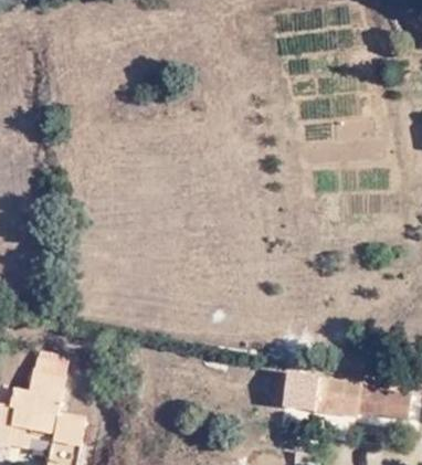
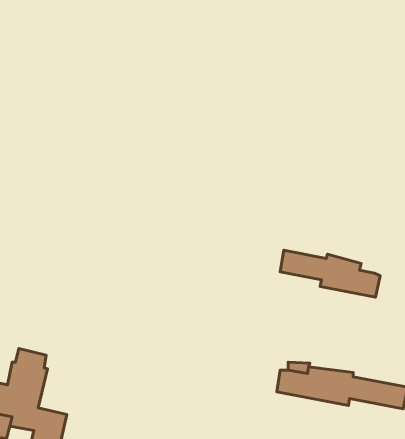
building: none -> [280,250,380,297]

